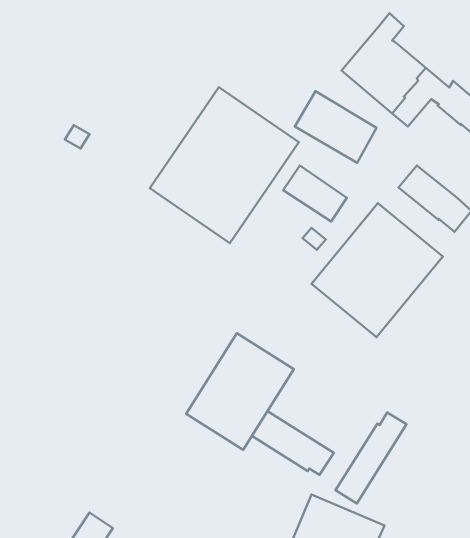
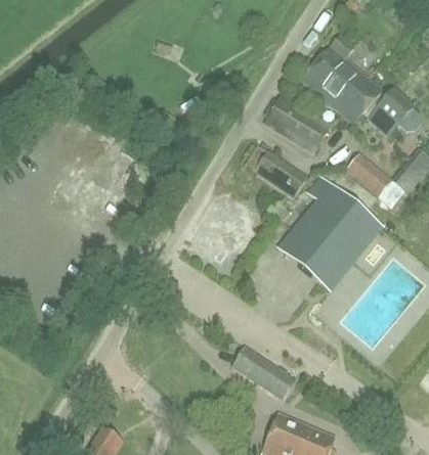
building: [150,87,299,243] -> none
building: [186,333,294,450] -> none
building: [336,413,407,503] -> none

